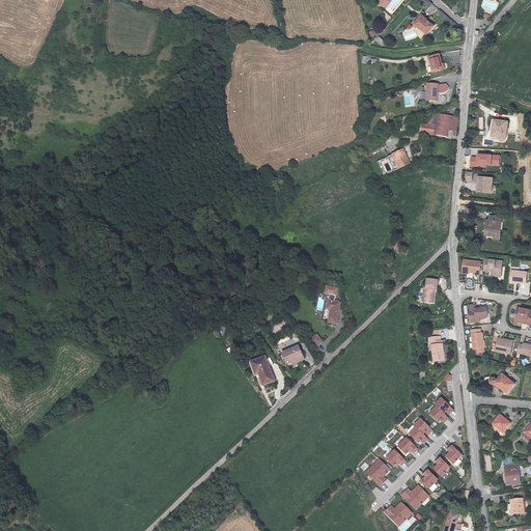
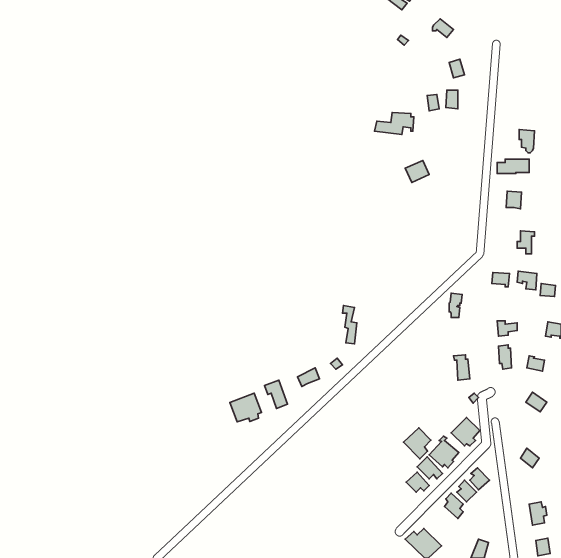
building: [417,116,454,137] -> [374,112,414,134]
building: none -> [230,393,261,422]
building: [364,455,390,484] -> [403,428,431,459]
building: [400,481,431,508] -> none

